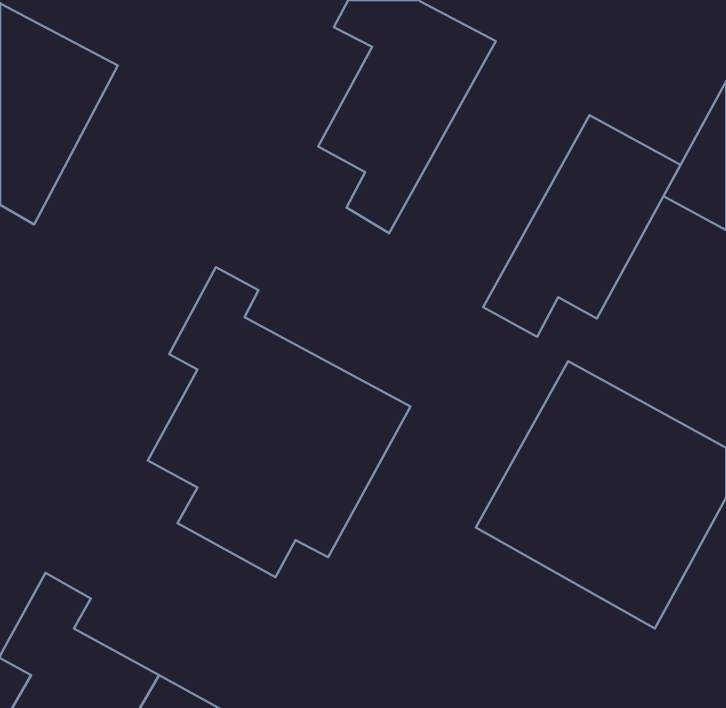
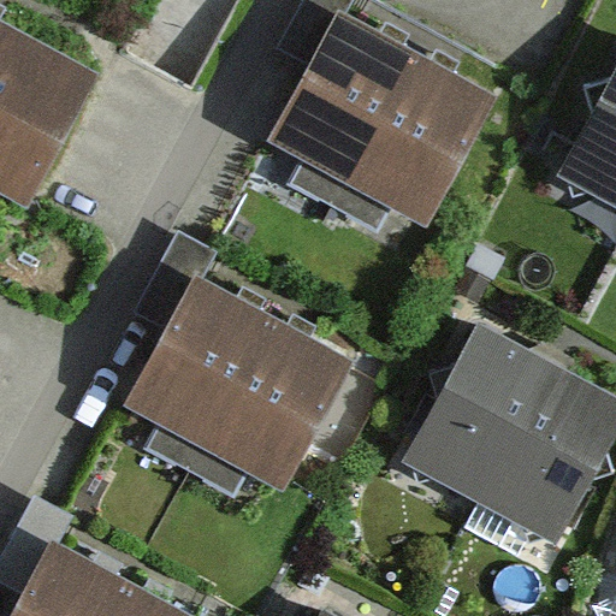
building: [483,115,681,337] -> [330,51,497,238]

